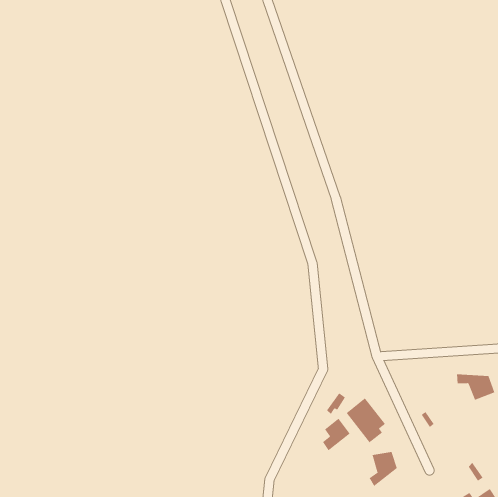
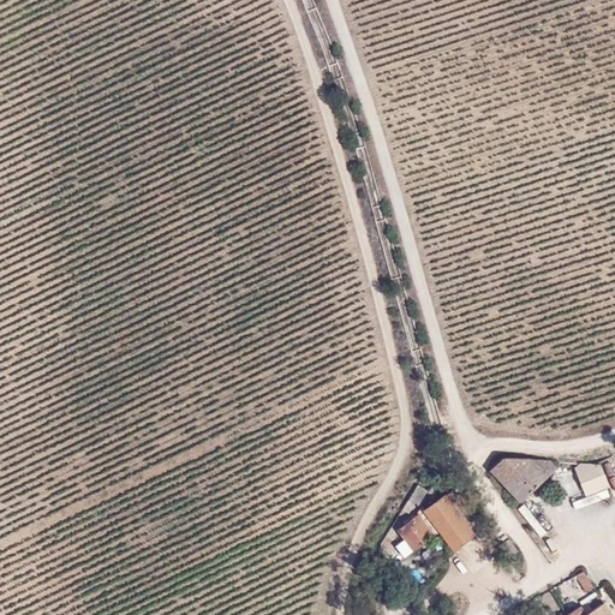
building: none -> [490,458,556,501]
building: [369,451,398,487] -> none

